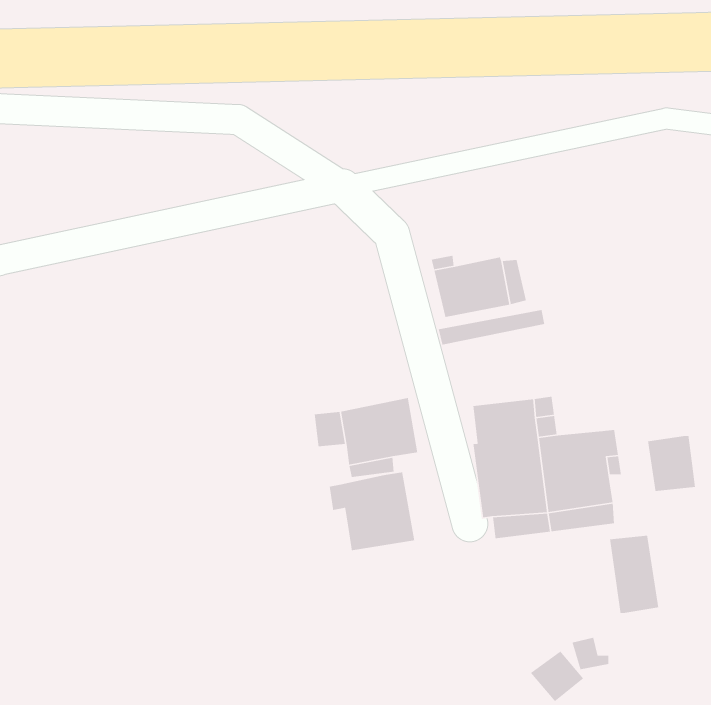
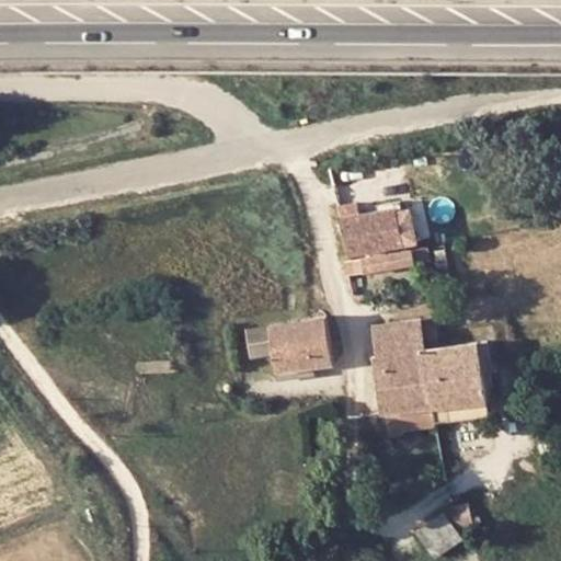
building: [647,435,696,492] -> none
building: [329,471,415,551] -> none
building: [609,535,659,614] -> none

